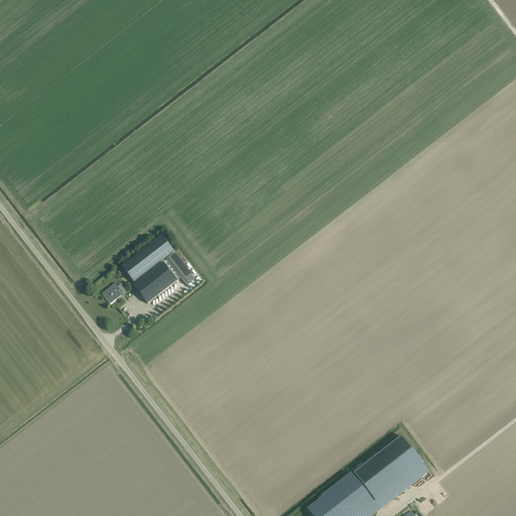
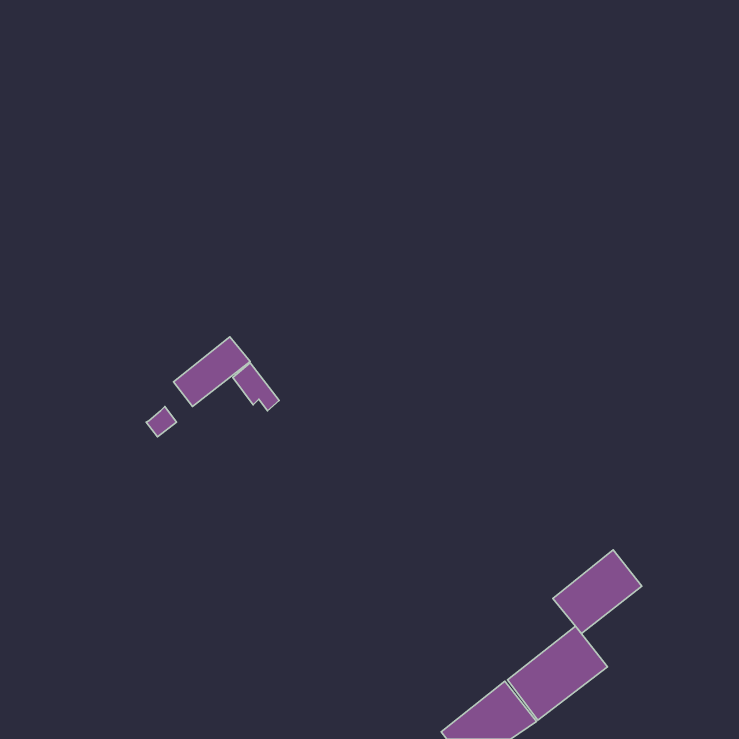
building: [133,263,176,304] -> none
building: none -> [553,550,642,633]

